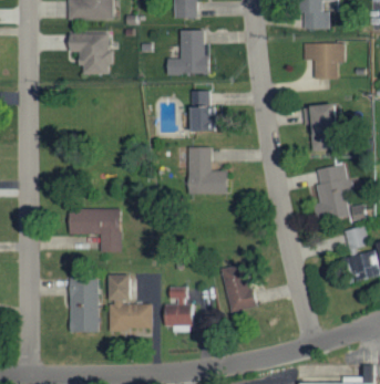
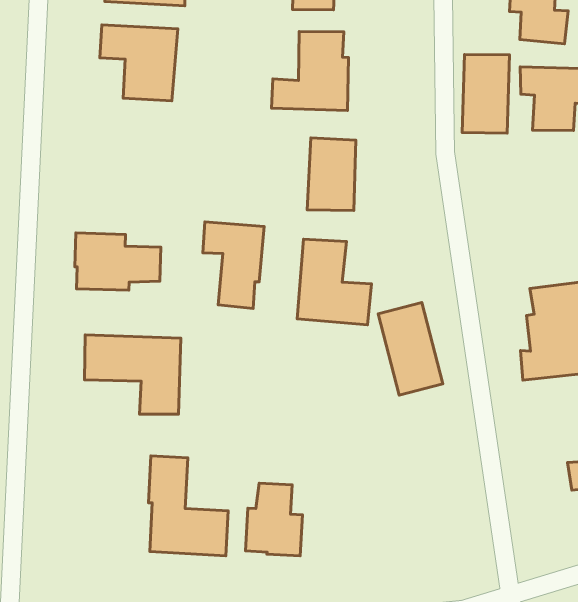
building: [307,105,333,151] -> [462,54,510,133]
building: none -> [203,222,264,309]
building: none -> [75,233,161,290]
building: [218,262,257,315] -> [378,302,443,395]
building: [68,279,100,333] -> none

